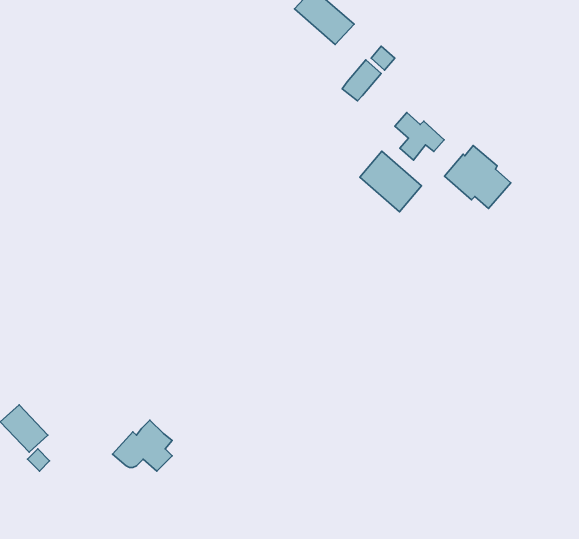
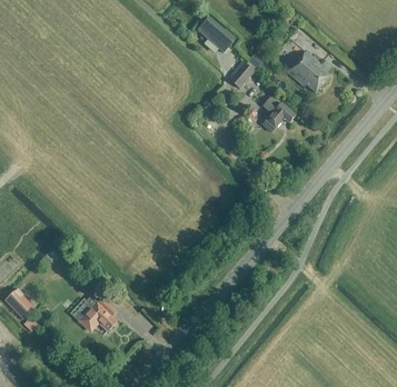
building: [444,146,511,208] -> [285,52,328,93]
building: [360,151,421,212] -> none

